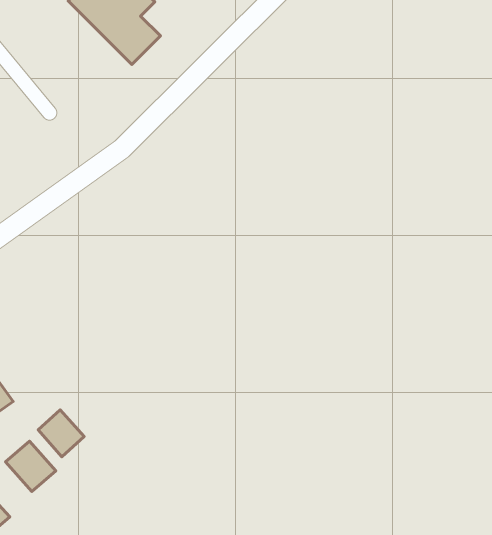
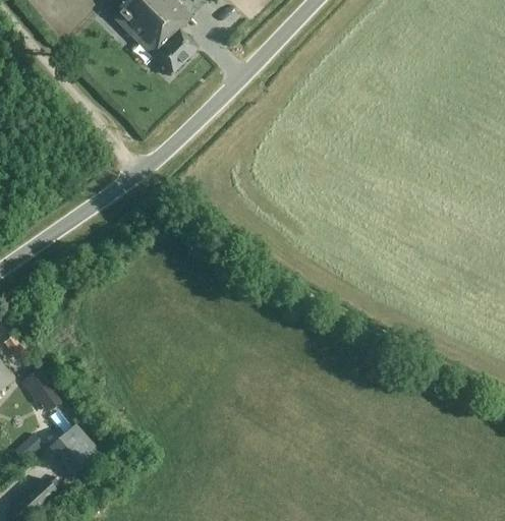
building: [38,410,84,457] -> none

